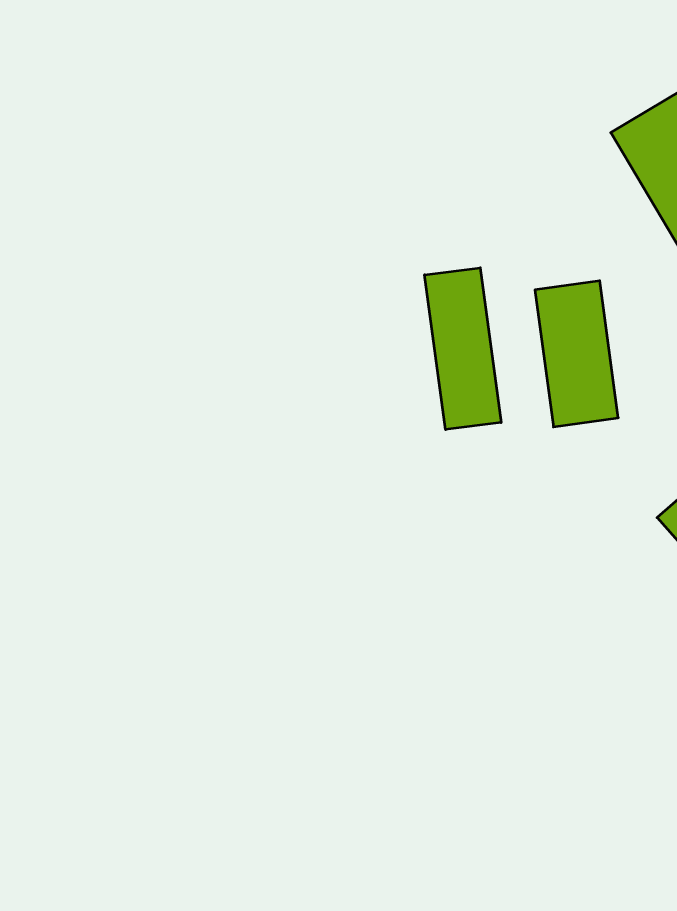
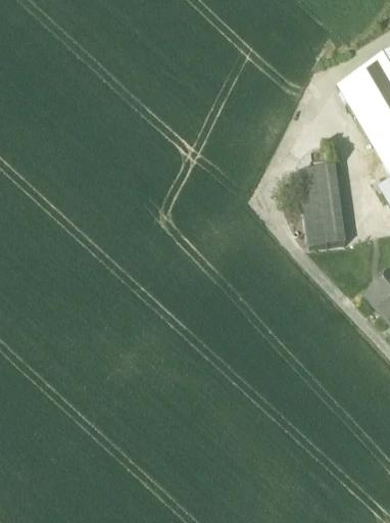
building: [425,268,501,430] -> none

